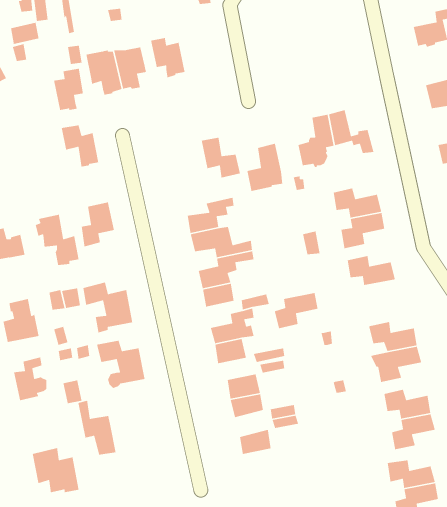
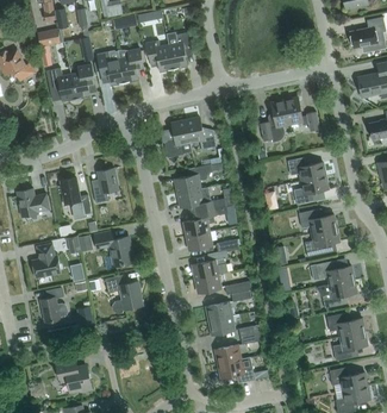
building: none -> [166,31,191,68]
building: [61,124,99,167] -> [45,68,75,101]
building: [246,143,283,192] -> [162,120,191,158]
building: [274,292,318,329] -> [304,229,338,257]
building: [78,400,117,456] -> none
building: none -> [217,357,254,383]

